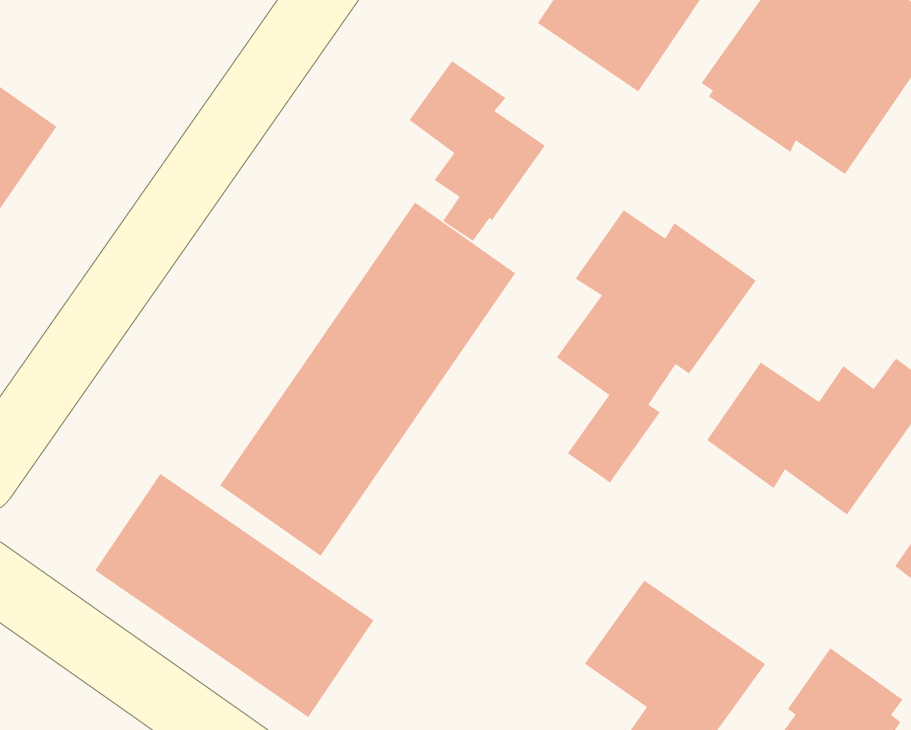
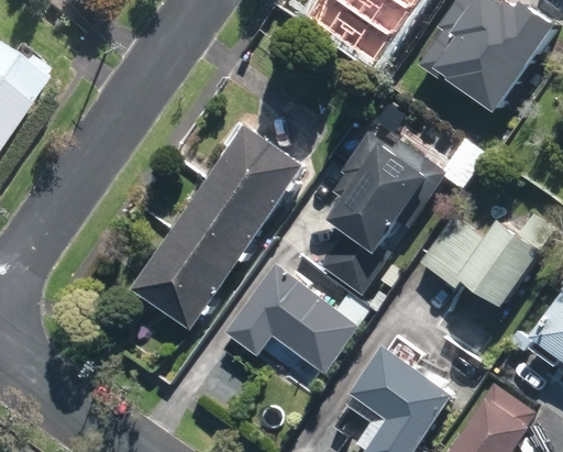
building: [408,60,546,242] -> none
building: none -> [225,263,374,376]
building: [94,473,375,718] -> none

